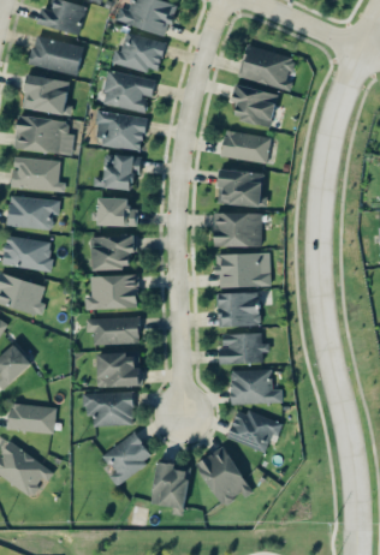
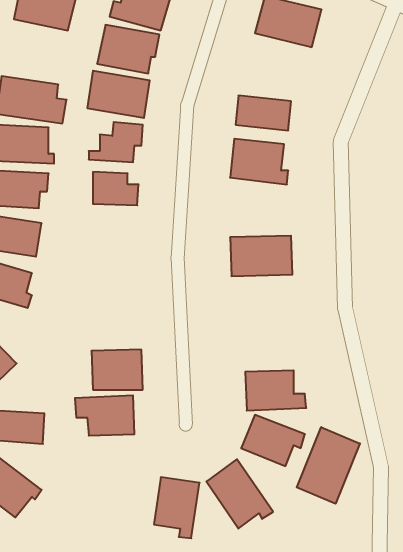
building: [22,73,72,115] -> none
building: [232,84,278,126] -> none
building: [214,211,262,246] -> none
building: [91,237,137,269] -> none
building: [84,274,138,309] -> none
building: [219,292,259,326] -> none
building: [85,316,139,345] -> none
building: [219,333,266,364] -> none
building: none -> [297,427,360,504]
building: [105,435,153,483] -> none

